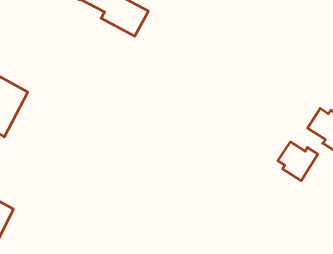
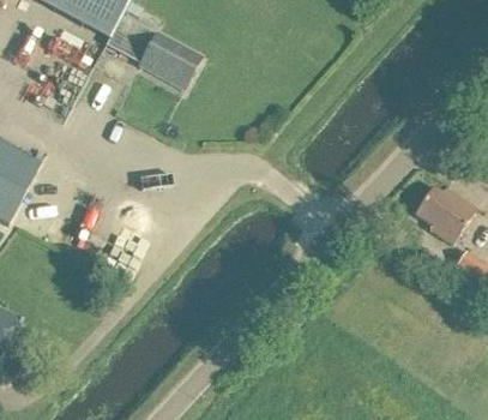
building: [278,142,318,181] -> none

